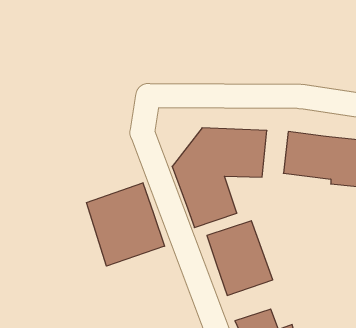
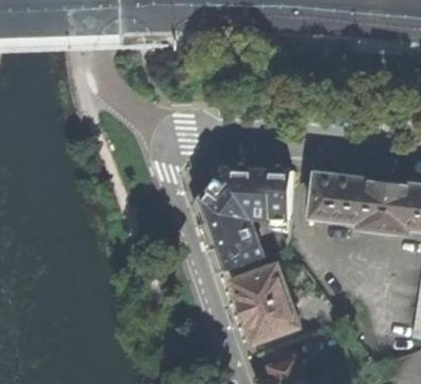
building: [86,183,165,266] -> none

